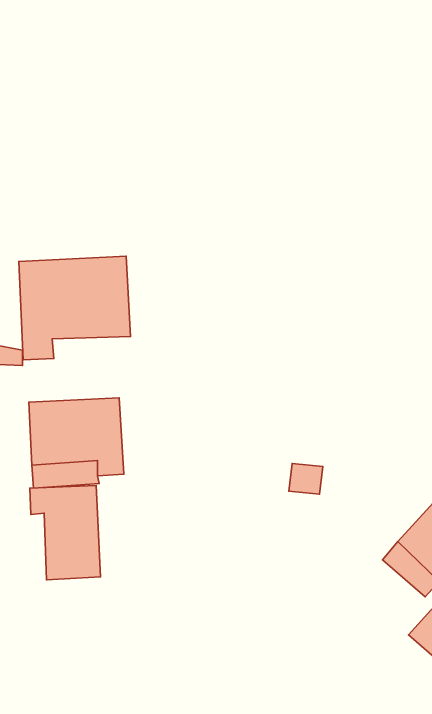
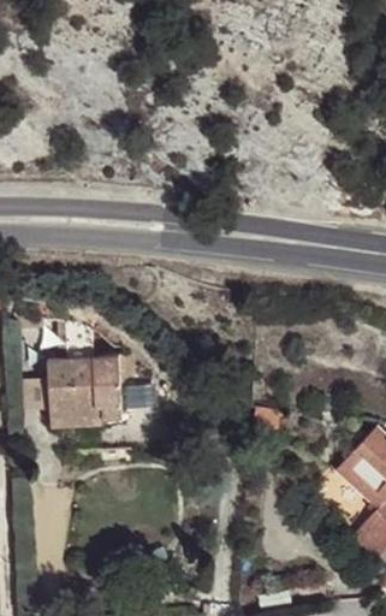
building: [19,256,130,360] -> none
building: [30,486,101,580] -> none

